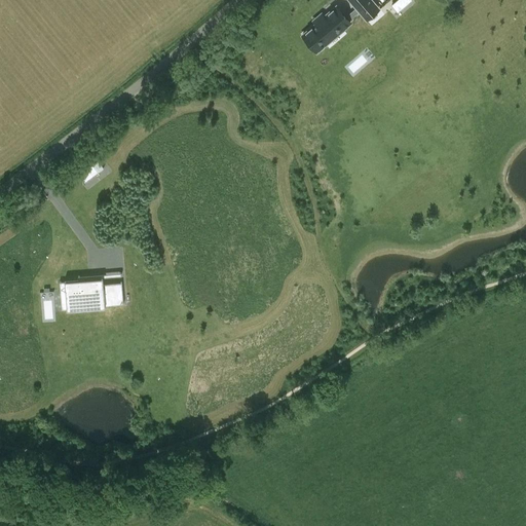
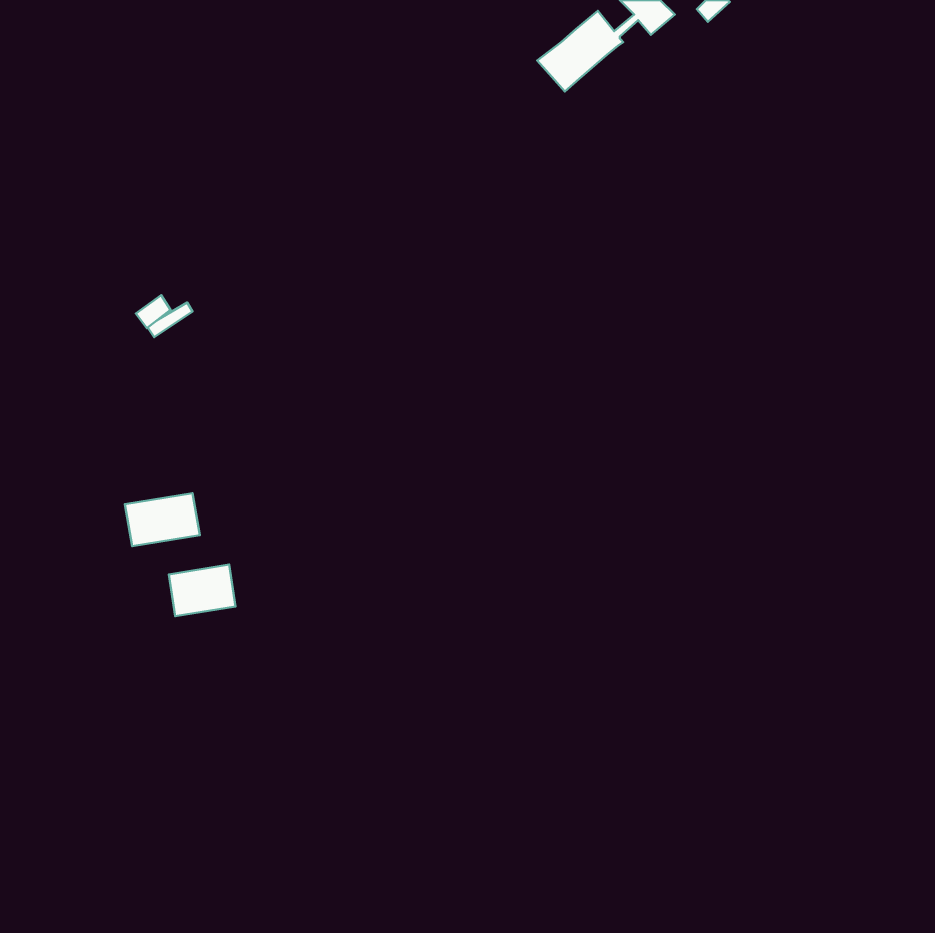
building: none -> [169,565,236,616]

